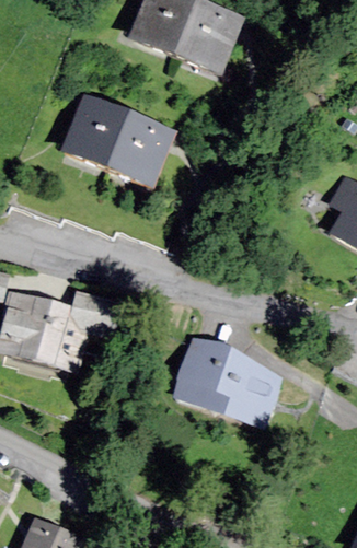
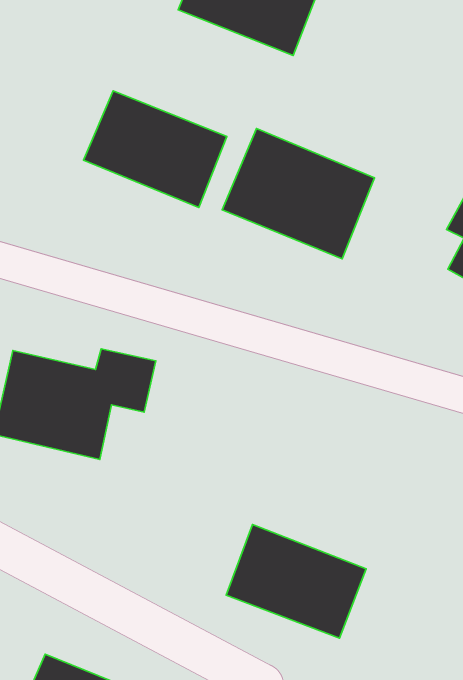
building: none -> [222,128,374,259]
building: [175,340,279,424] -> [226,525,366,638]

